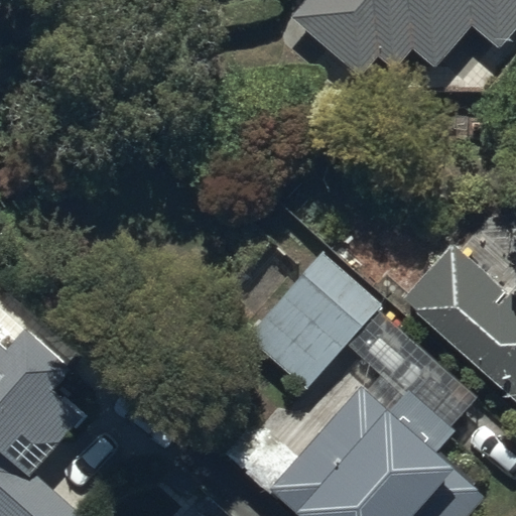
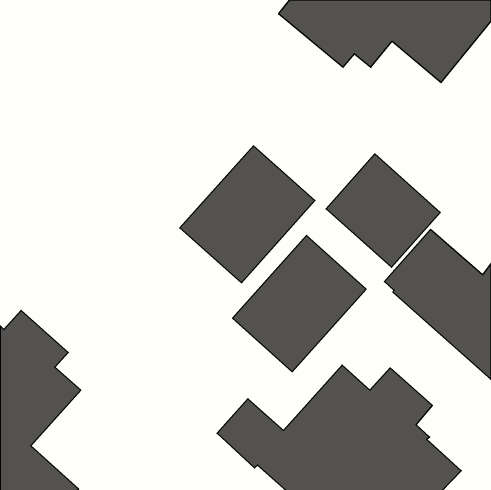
building: none -> [180,146,315,283]
building: none -> [326,154,440,267]

